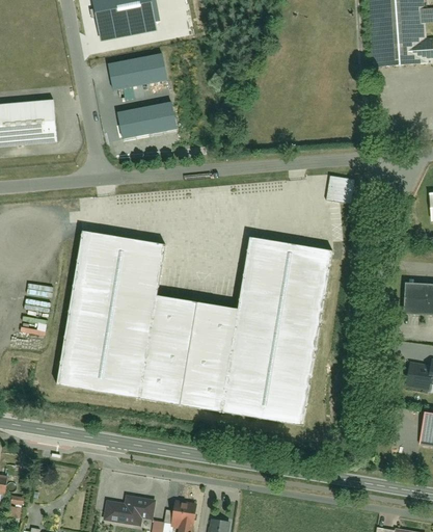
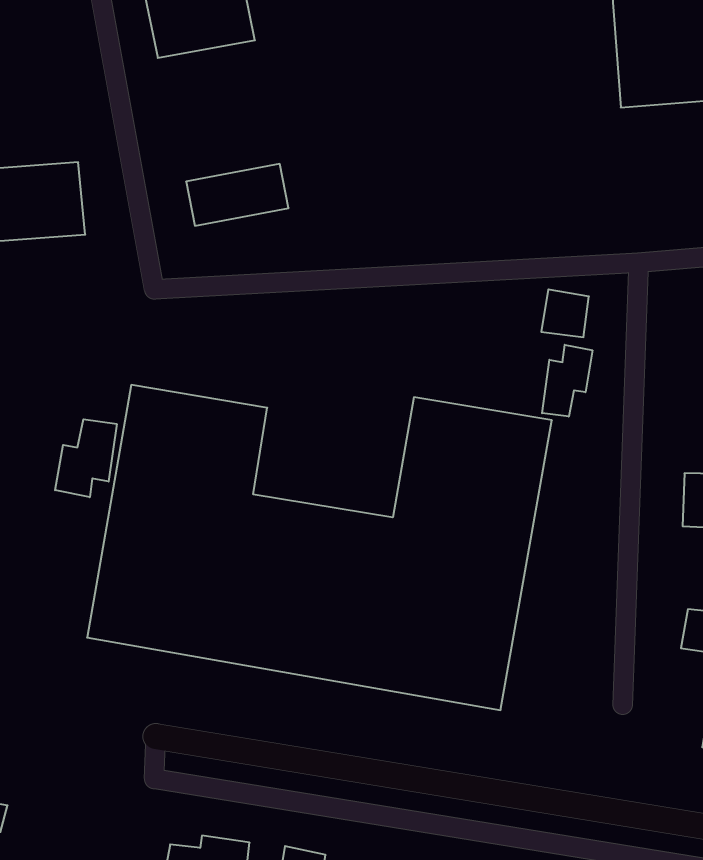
building: [108,54,167,90] -> none
building: none -> [542,345,592,417]
building: none -> [55,419,117,497]

